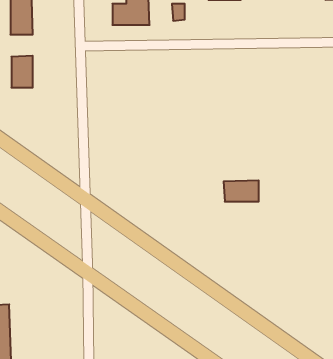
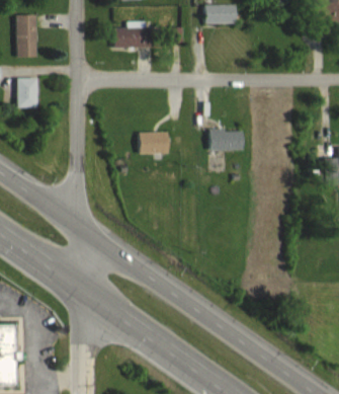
building: none -> [140,132,169,154]
building: [224,180,259,202] -> [209,130,243,150]

